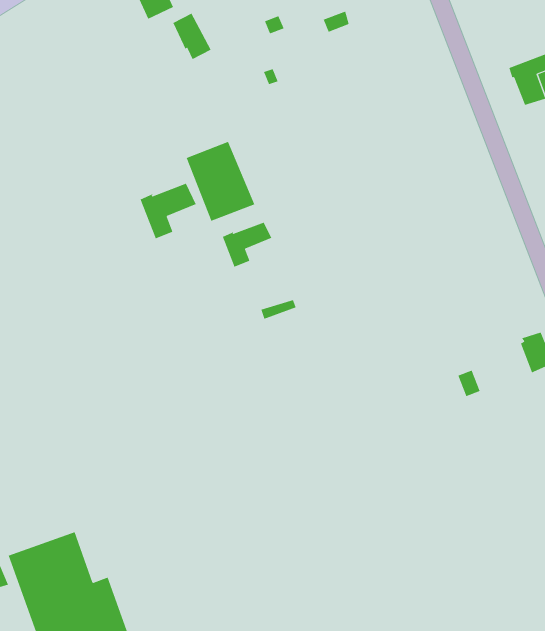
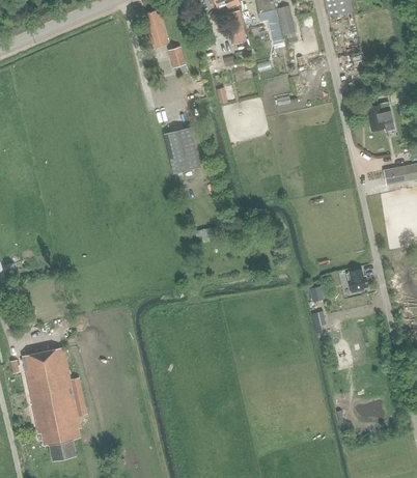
building: [140,183,196,239] -> none
building: [222,222,272,267] -> none

